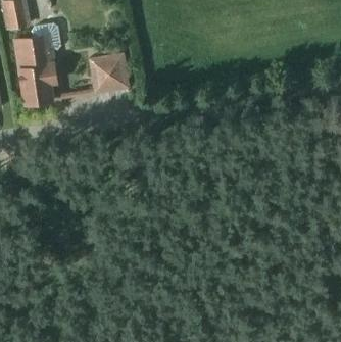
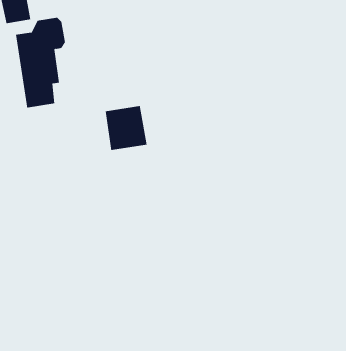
building: [90,54,128,94] -> [105,105,147,150]

